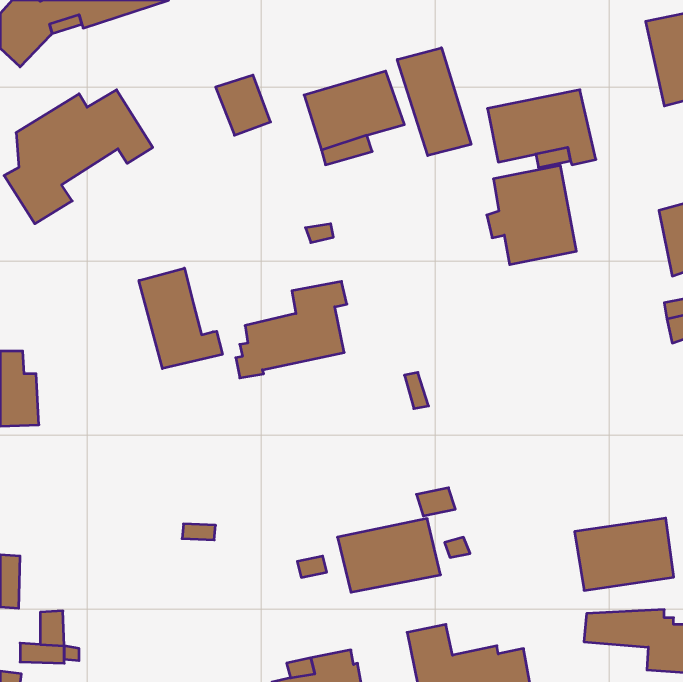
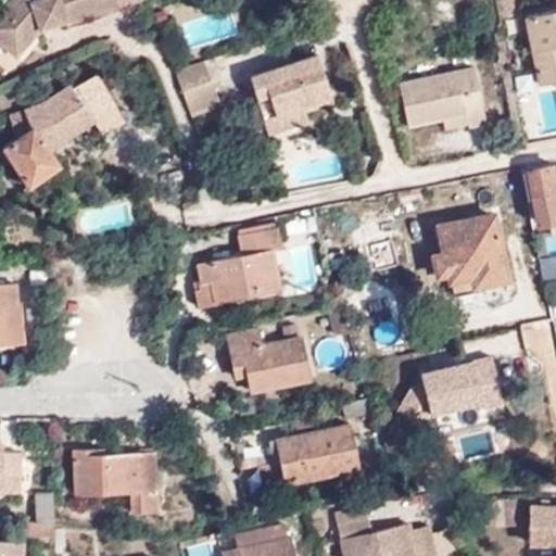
building: [397,48,471,156] -> none
building: [487,165,576,265] -> [435,216,508,296]
building: [139,268,222,369] -> none
building: none -> [228,328,311,394]
building: [575,518,674,590] -> [422,355,503,414]
building: none -> [76,451,156,514]

